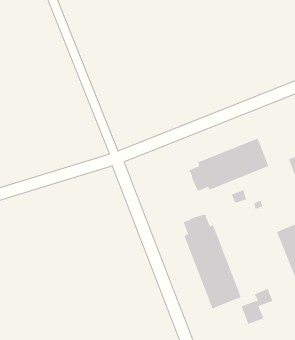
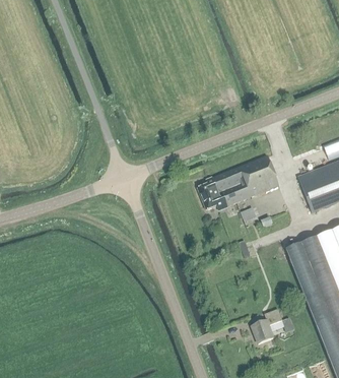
building: [183,213,241,309] -> none

